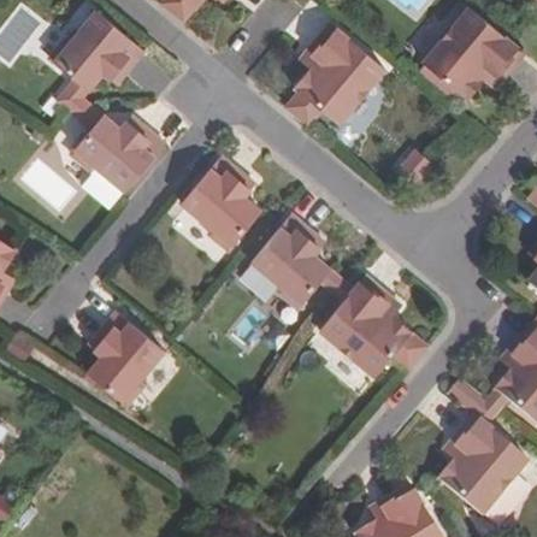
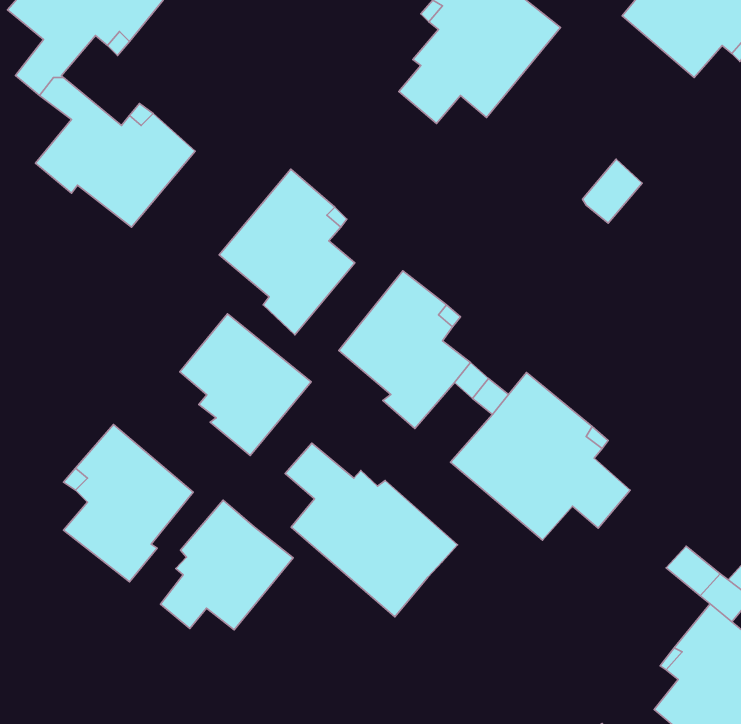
building: none -> [180,314,311,455]
building: none -> [285,443,458,617]
building: none -> [160,500,293,630]

